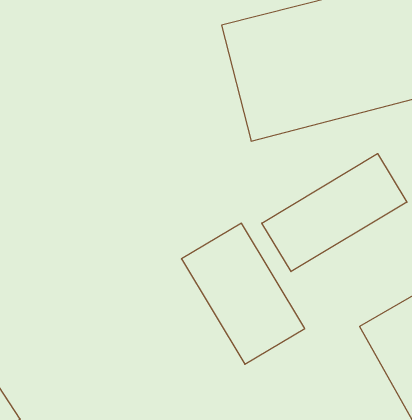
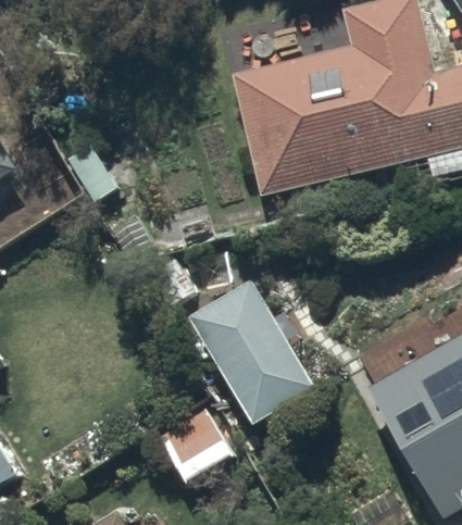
building: [262,154,407,272] -> none

